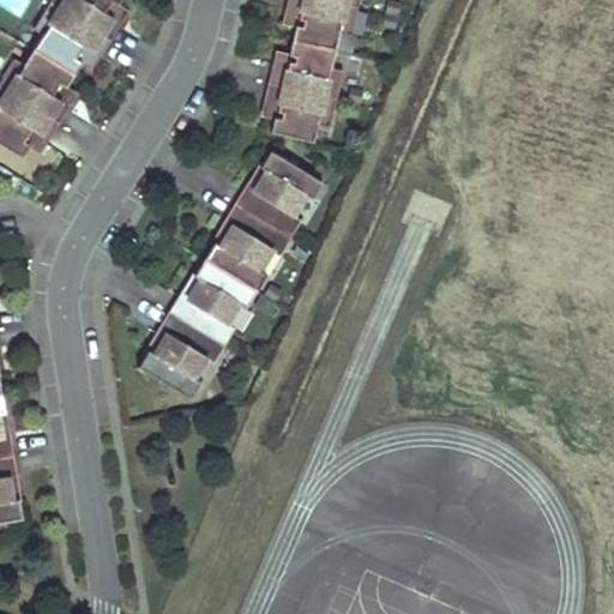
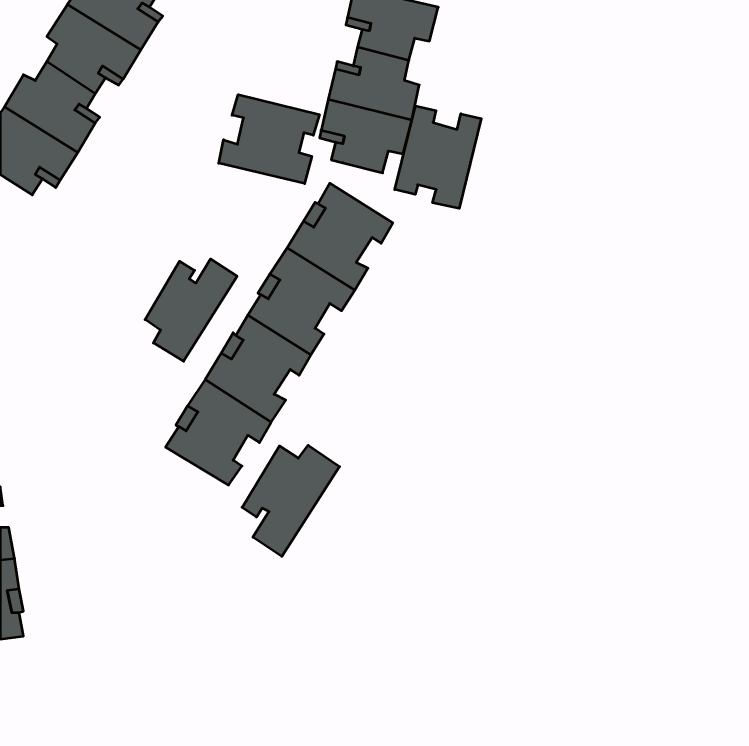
building: none -> [219,95,319,184]
building: none -> [395,106,481,208]
building: none -> [145,259,237,361]
building: none -> [242,445,340,556]

